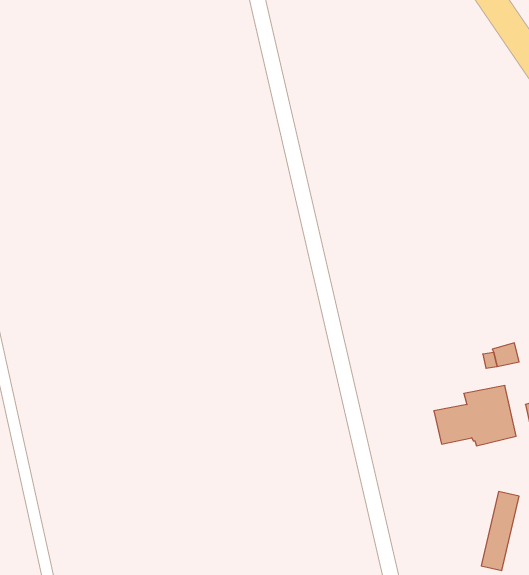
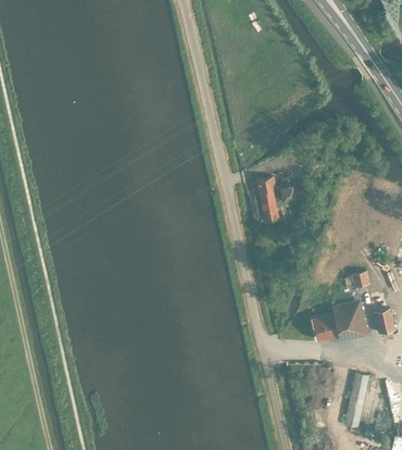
building: none -> [253,178,304,223]

